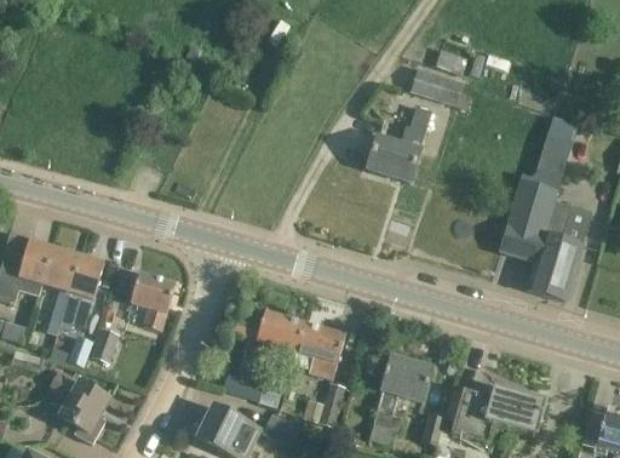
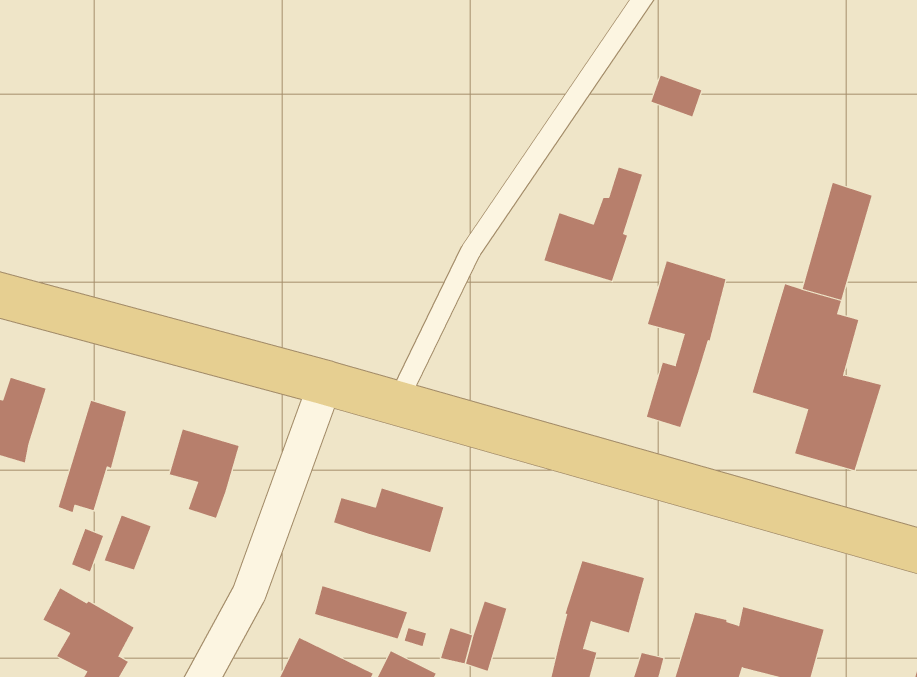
building: [409,68,461,105] -> none
building: none -> [646,261,726,428]
building: [41,247,80,332] -> none
building: [292,322,344,377] -> none

